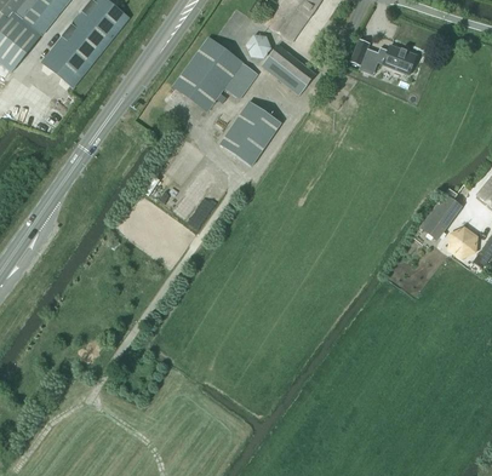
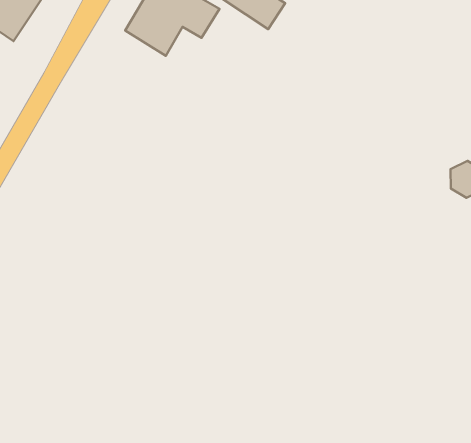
building: [219,99,282,165] -> none
building: [422,188,462,237] -> none

